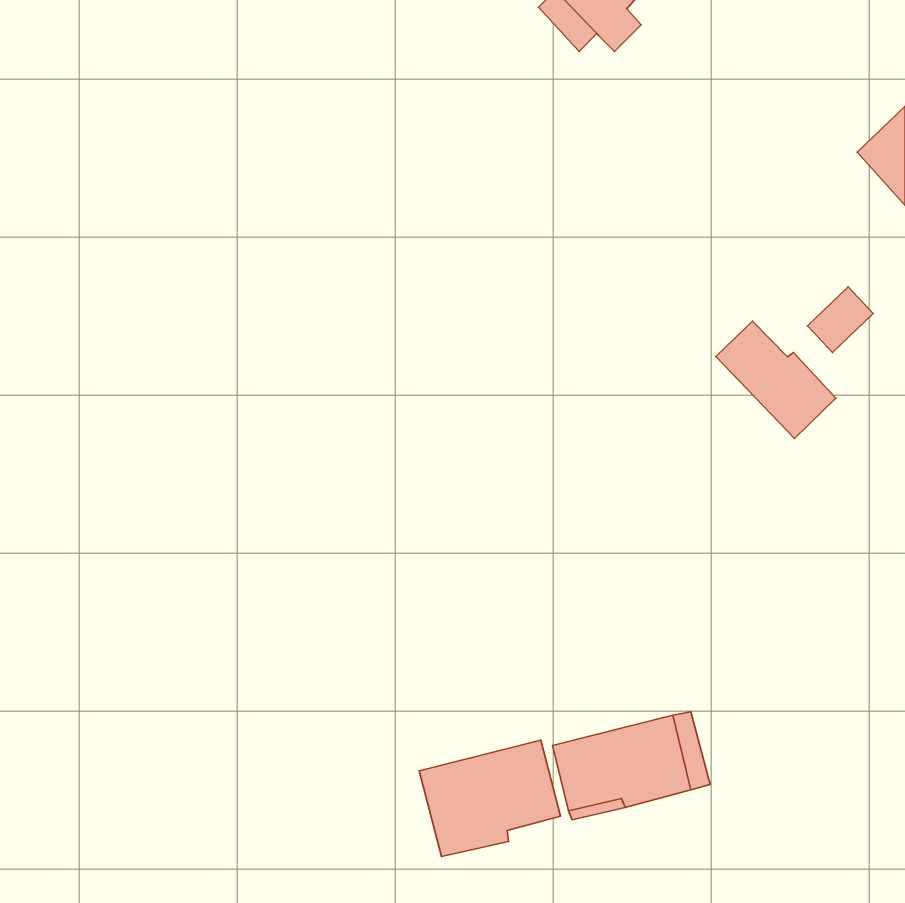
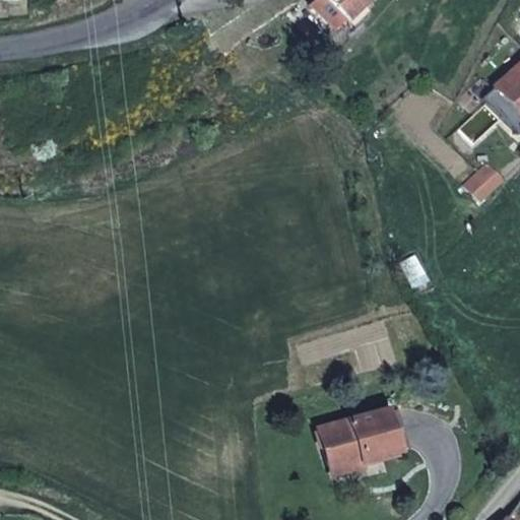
building: [716,321,836,439] -> none
building: [419,740,560,857] -> none

